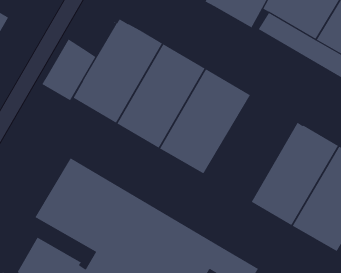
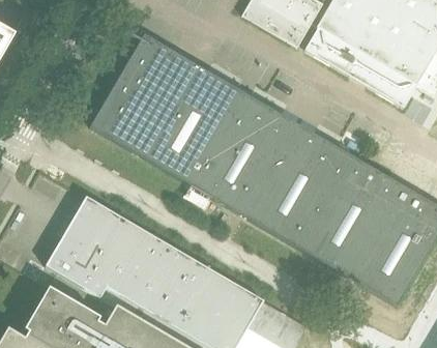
building: [41,39,96,101] -> none
building: none -> [242,123,351,248]

